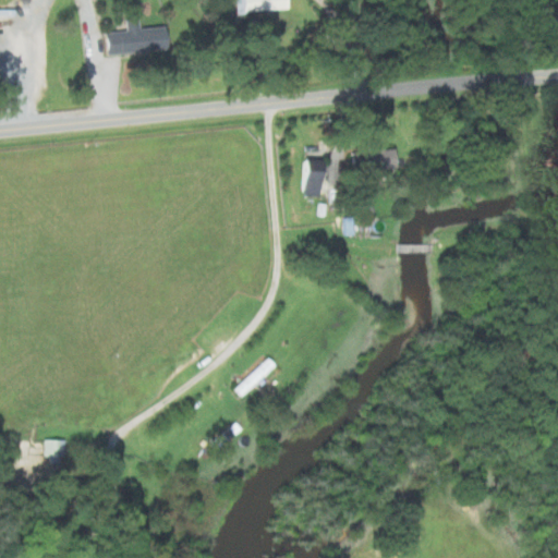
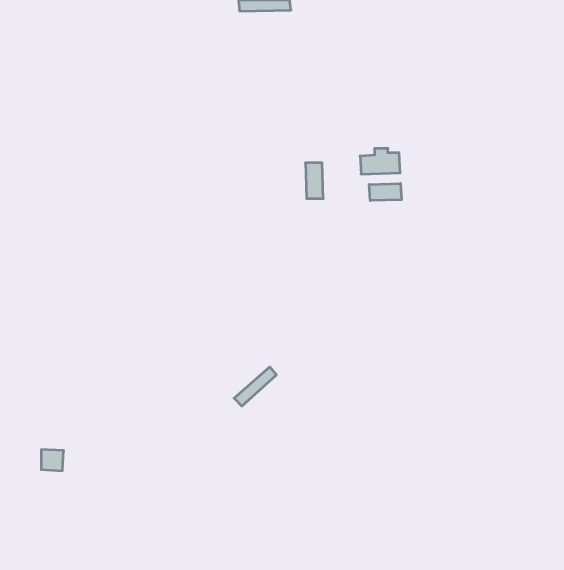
building: [107,27,168,53] -> none
building: none -> [369,183,401,201]

